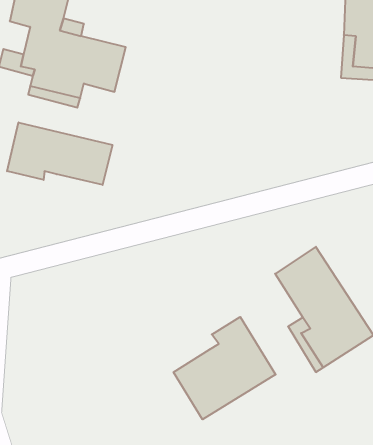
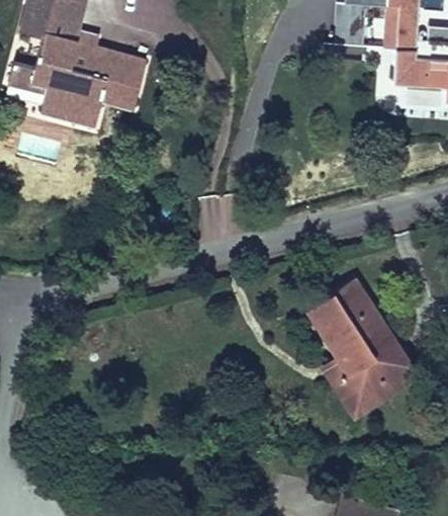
building: [7,122,112,185] -> none
building: [174,317,276,419] -> none

